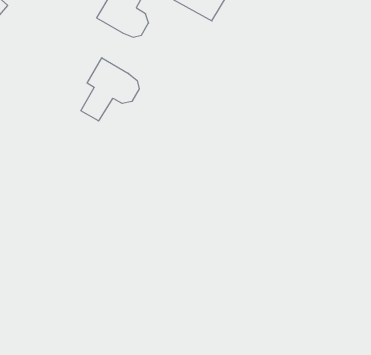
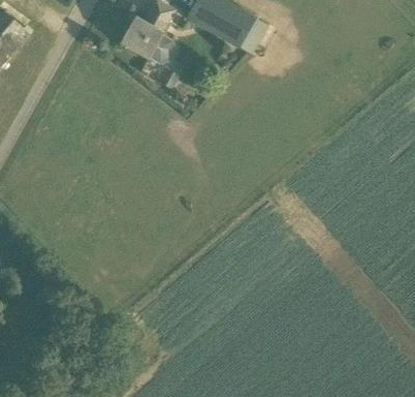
building: [81,58,139,121] -> none

